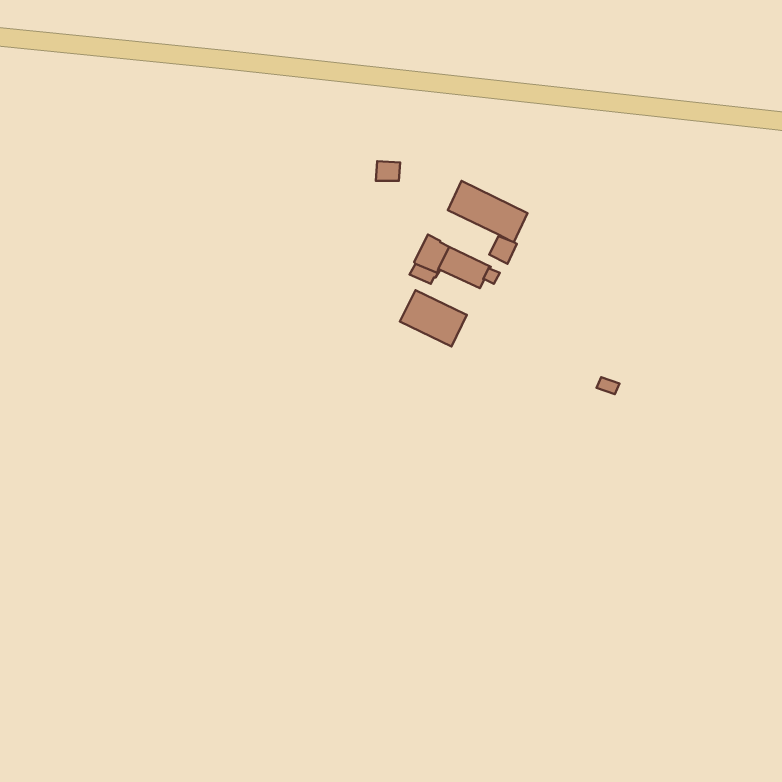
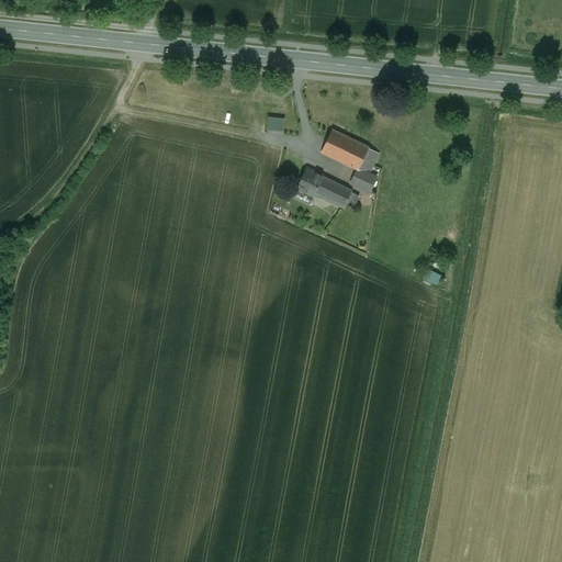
building: [400,290,467,346] -> none

